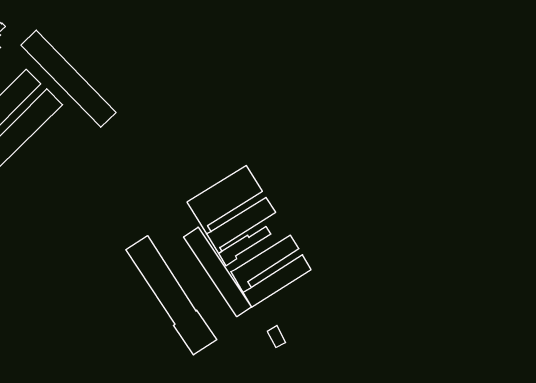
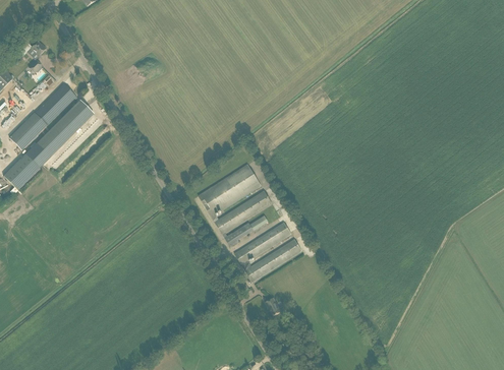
building: [21,30,116,127] -> none
building: [184,227,251,317] -> none
building: [126,236,217,355] -> none

